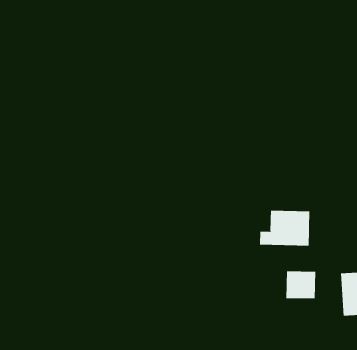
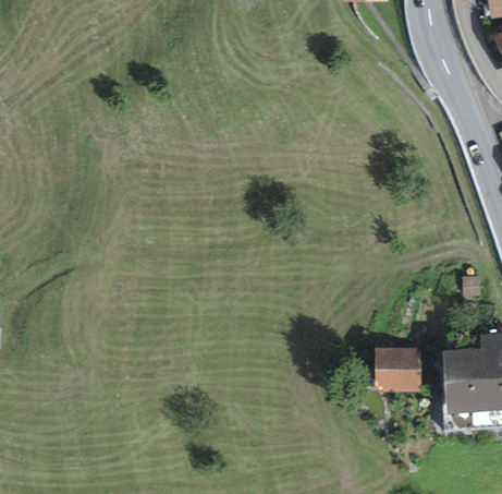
building: [260,210,310,247] -> none

